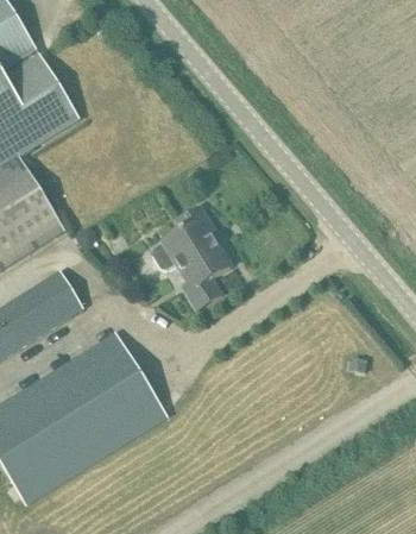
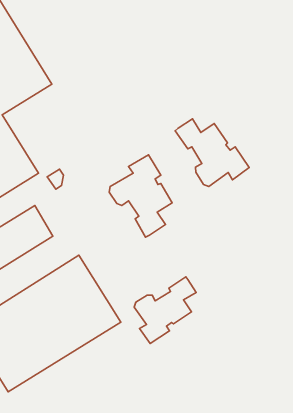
building: none -> [175,119,249,186]
building: none -> [134,277,196,343]

